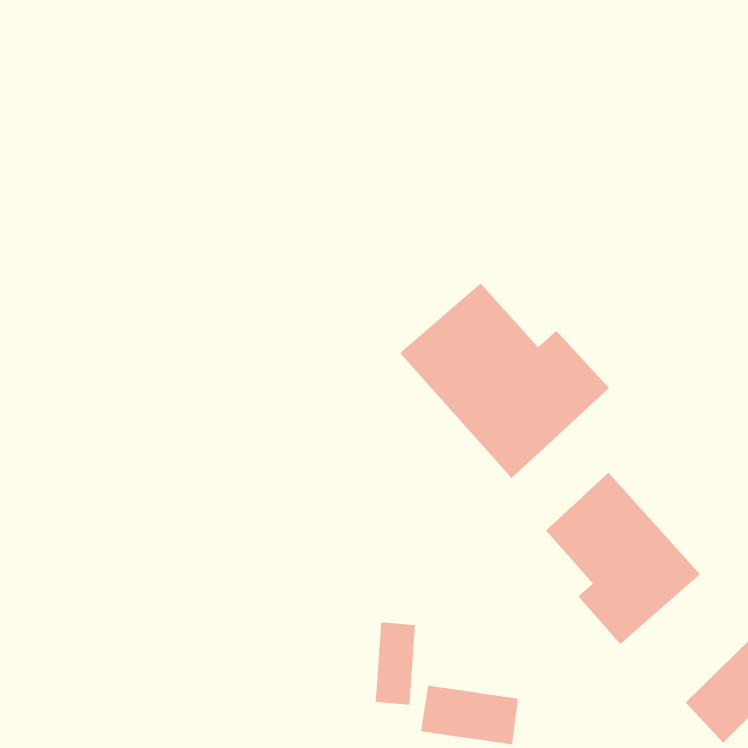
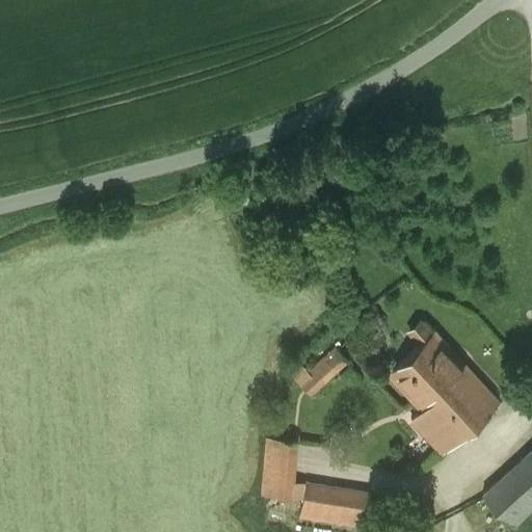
building: [399,283,610,479] -> none
building: none -> [310,347,349,385]

